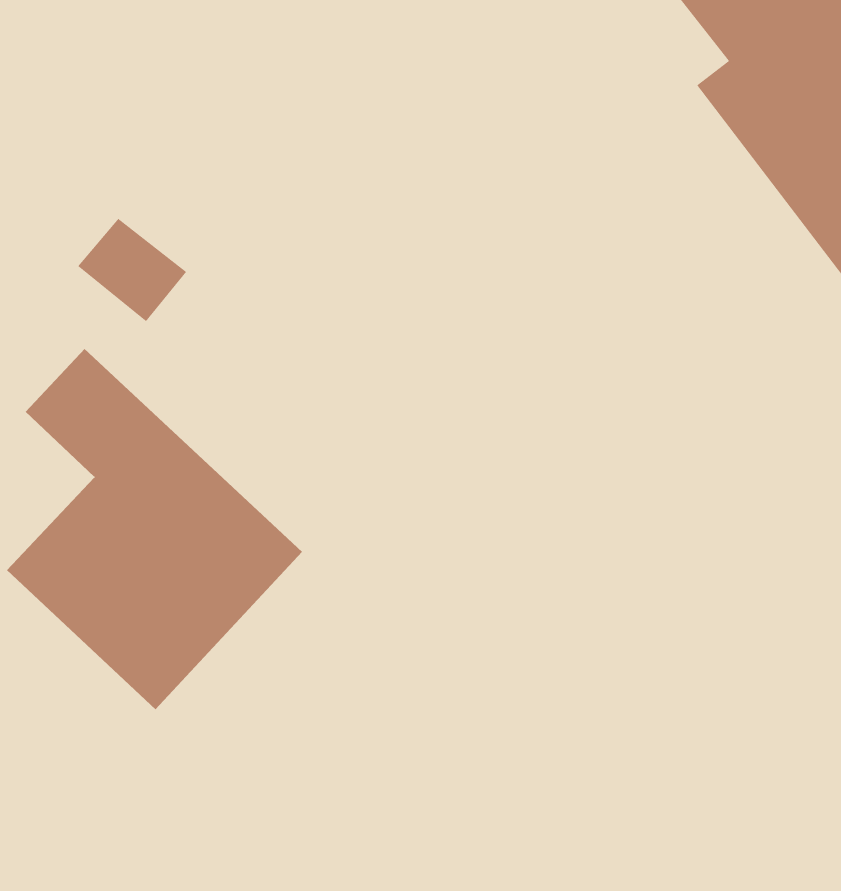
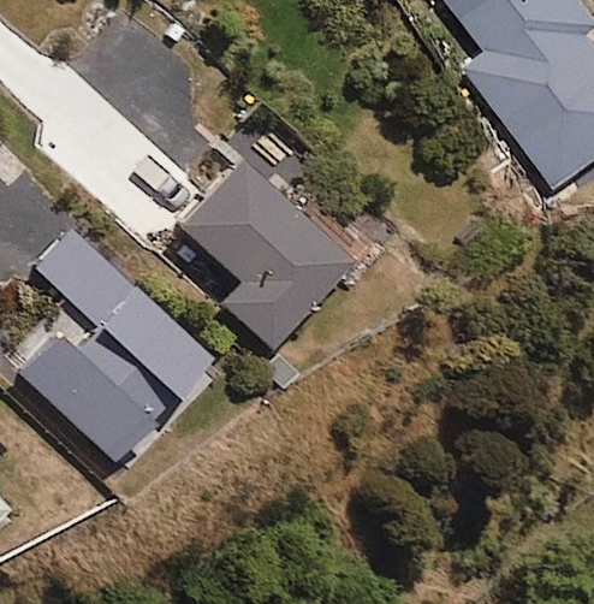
building: none -> [179,160,373,350]

